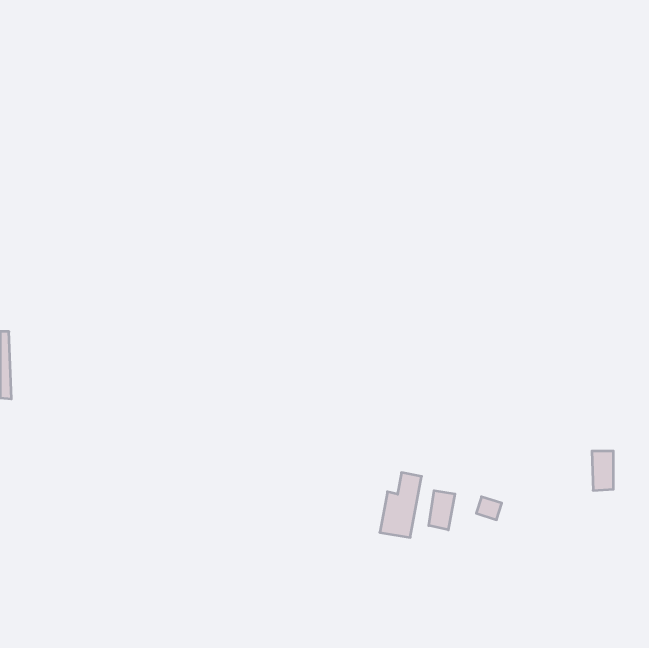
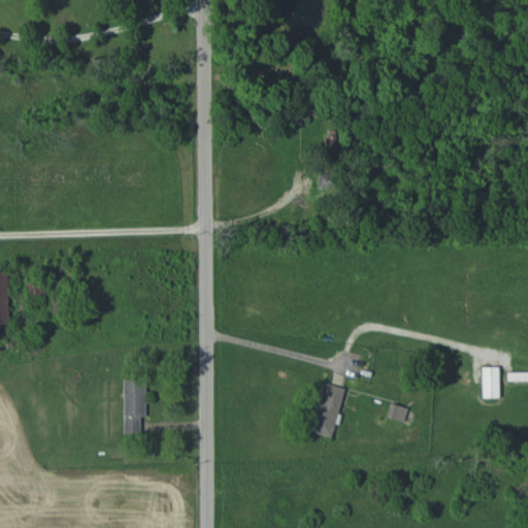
building: none -> [124,380,145,434]
building: [429,491,455,530] -> none

